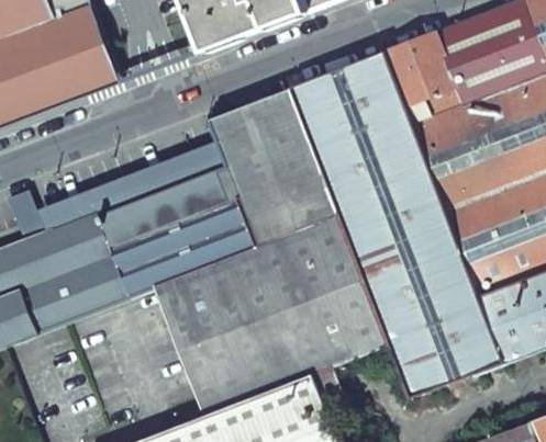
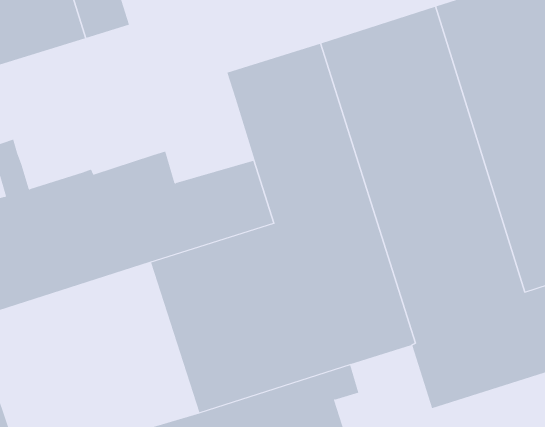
building: [36,140,237,230] -> none

